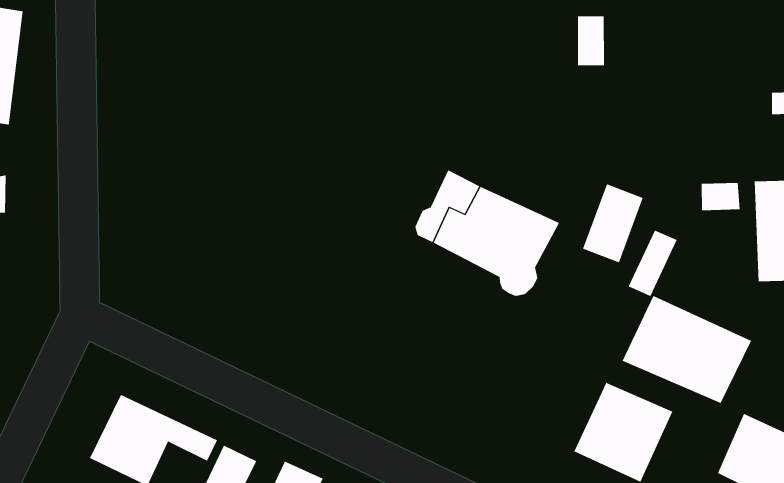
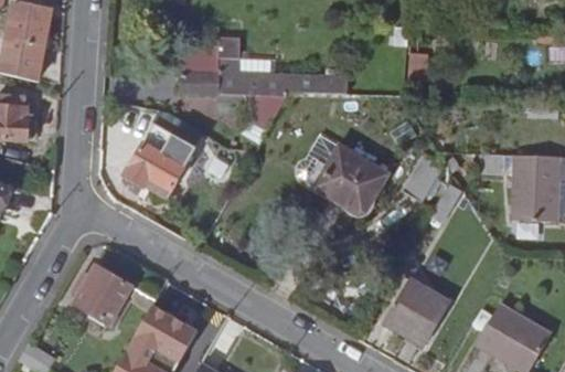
building: none -> [180,38,348,139]
building: none -> [125,125,196,190]
building: [622,295,752,404] -> none

